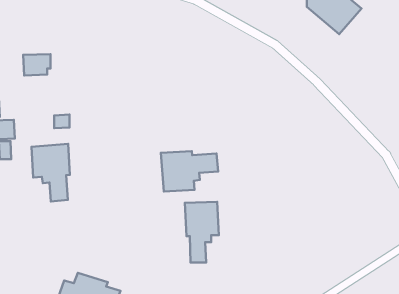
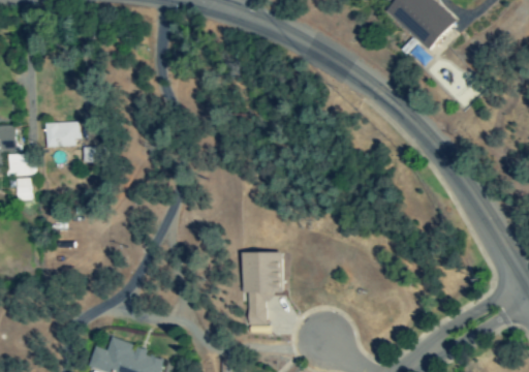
building: [23,54,51,75] -> [45,122,79,148]
building: [32,144,70,201] -> none
building: [161,151,218,191] -> none

